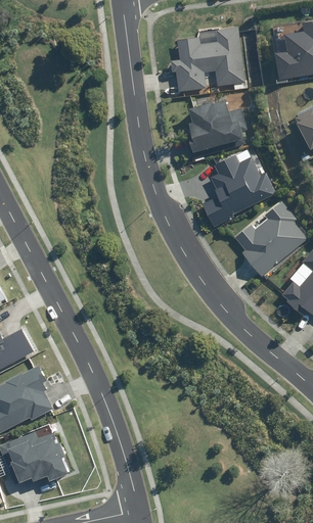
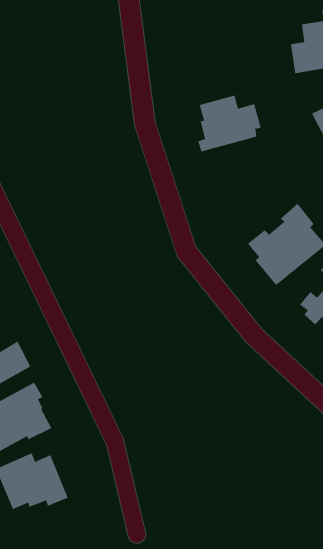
building: [170,27,244,91] -> none
building: [202,153,276,227] -> none

